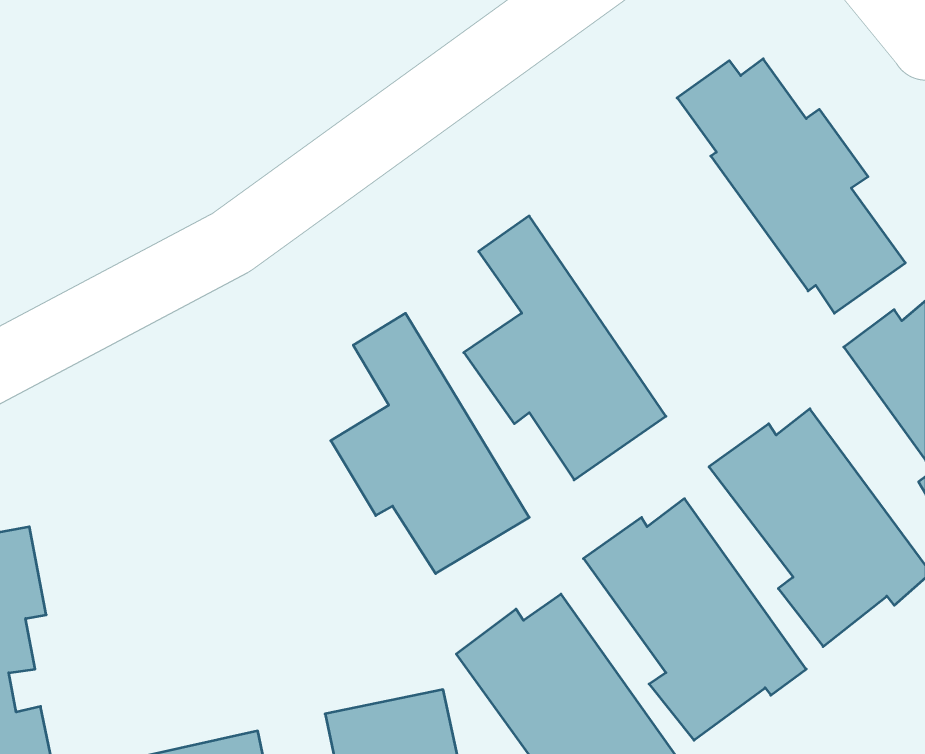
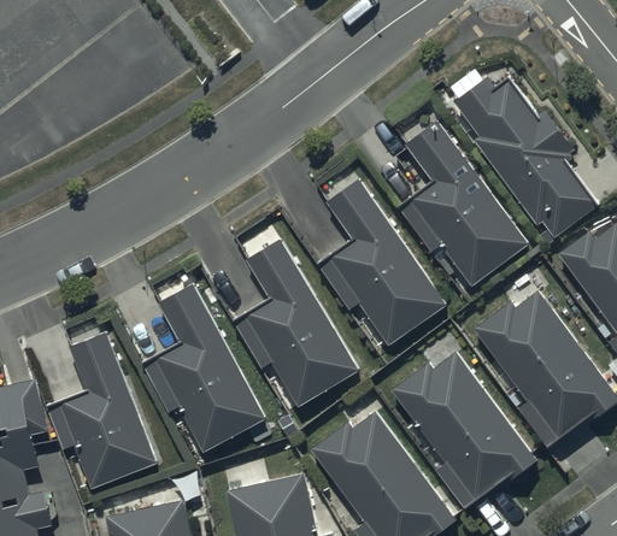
building: none -> [396,118,529,283]
building: none -> [142,279,265,449]
building: none -> [46,329,157,485]

